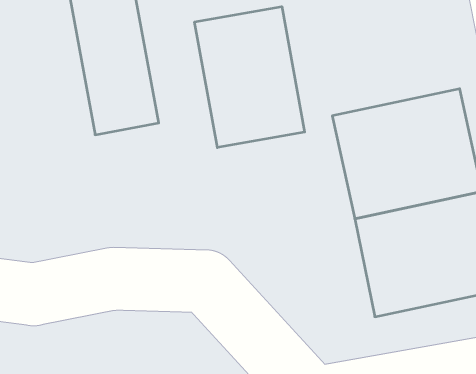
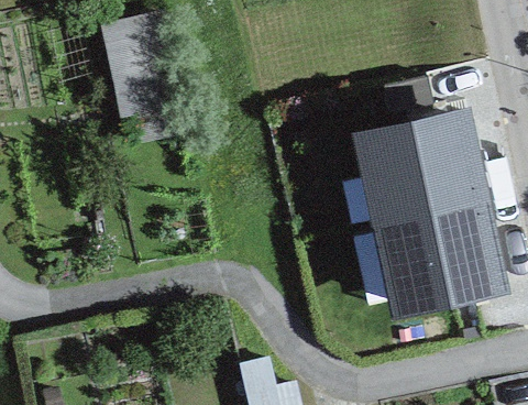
building: [195,7,305,148] -> none

